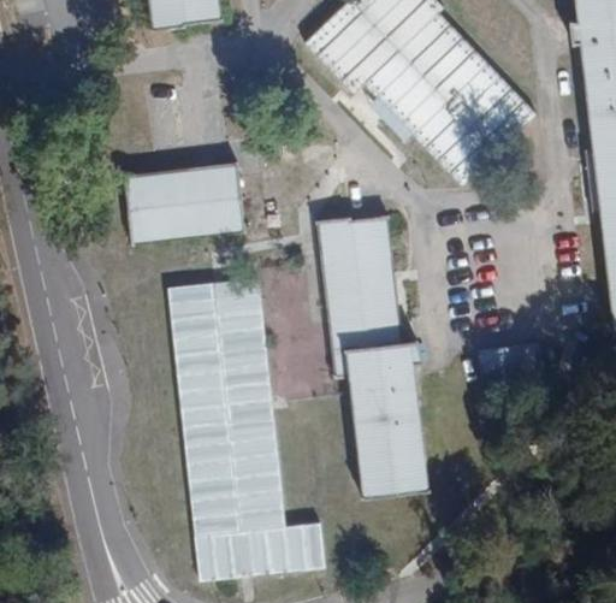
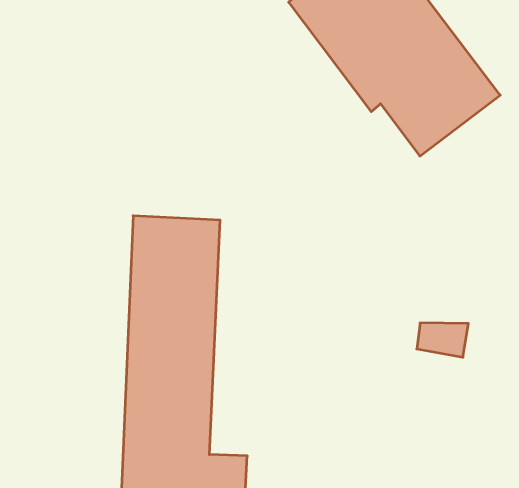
building: [130,166,249,252] -> none
building: [324,220,432,486] -> none

